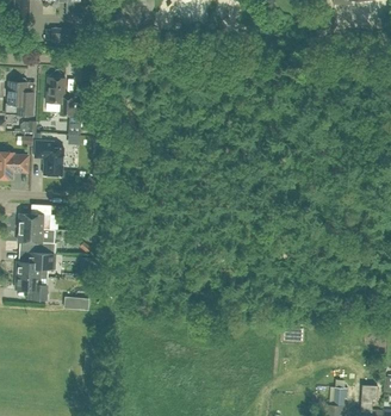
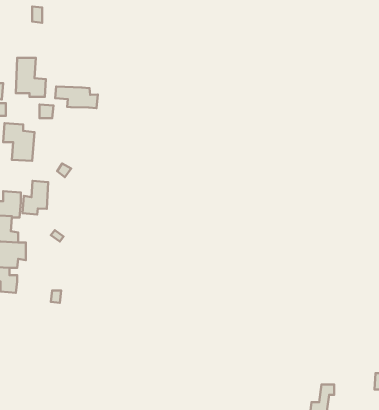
building: none -> [55,87,98,108]
building: none -> [23,181,48,214]

